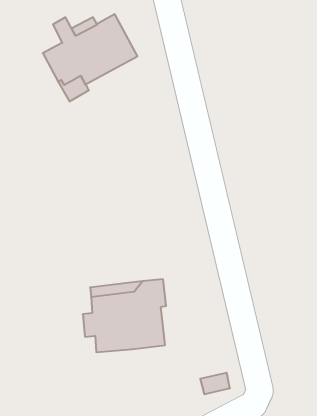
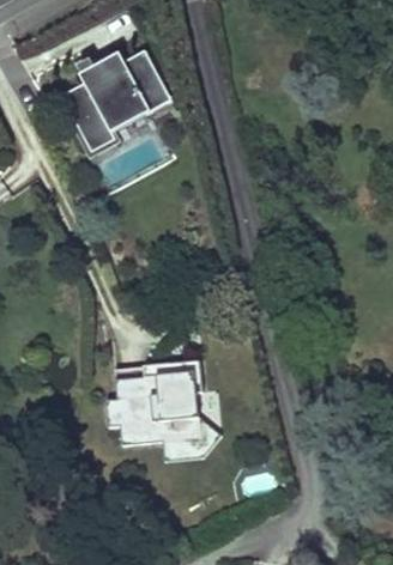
building: none -> [163,415,220,460]

